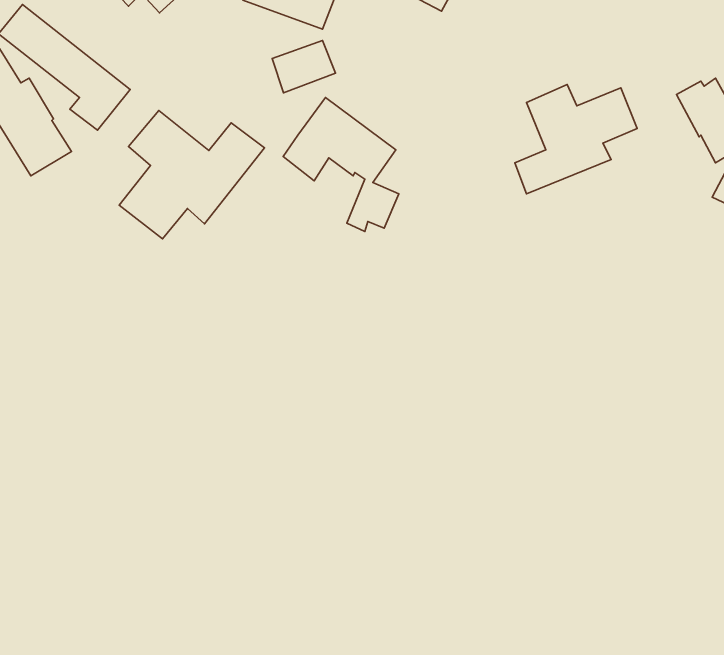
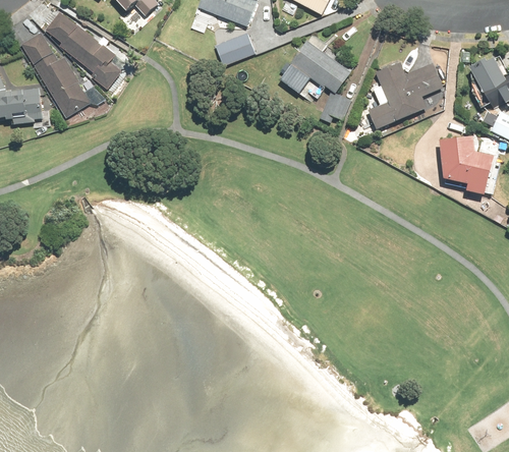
building: [283,98,399,231] -> [280,39,352,122]
building: [119,111,264,239] -> none
building: none -> [438,134,494,194]

